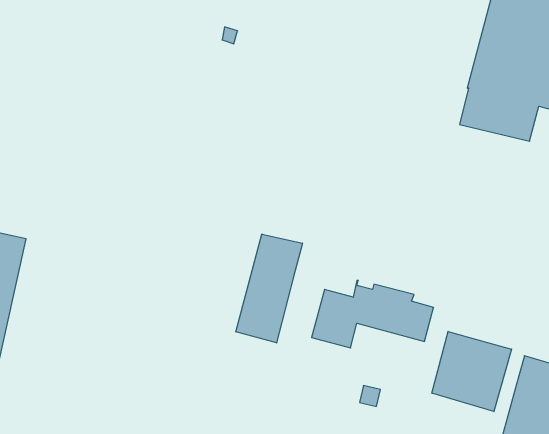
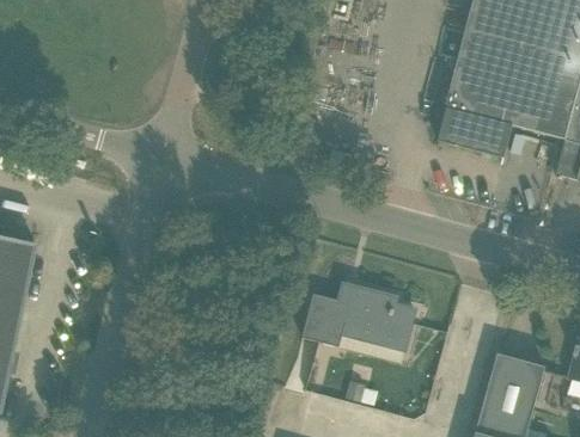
building: [236,234,302,343] -> none
building: [432,331,512,412] -> none

